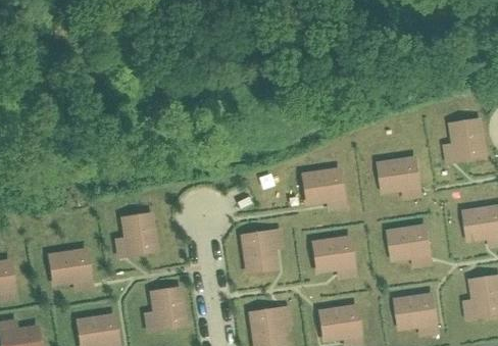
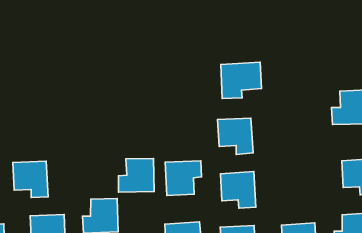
building: none -> [221,62,262,99]
building: [377,154,426,202] -> none
building: [111,211,158,258] -> [119,158,154,192]
building: [386,221,435,268] -> none

